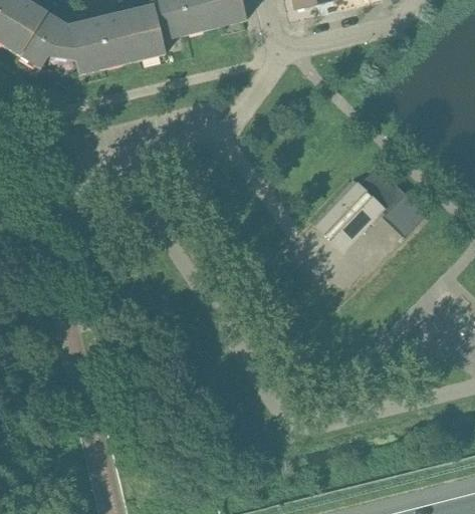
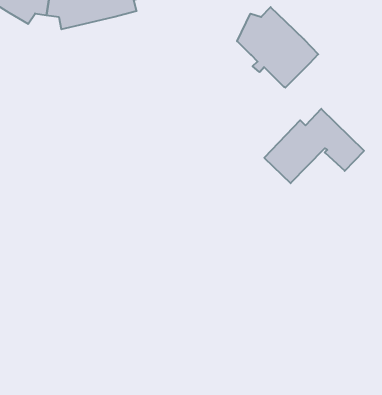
building: none -> [237,7,318,88]

